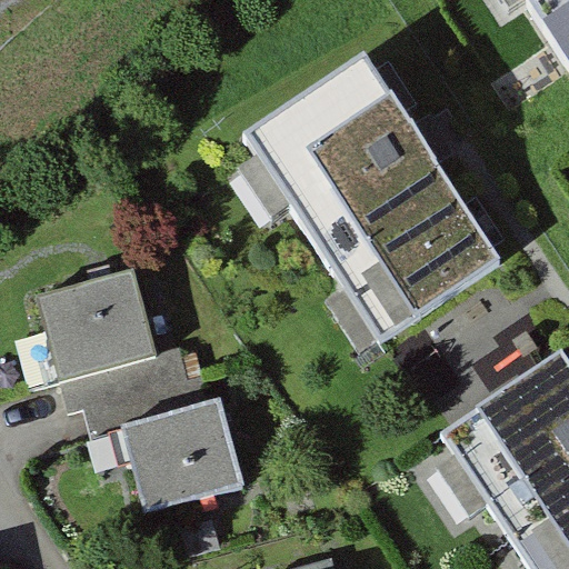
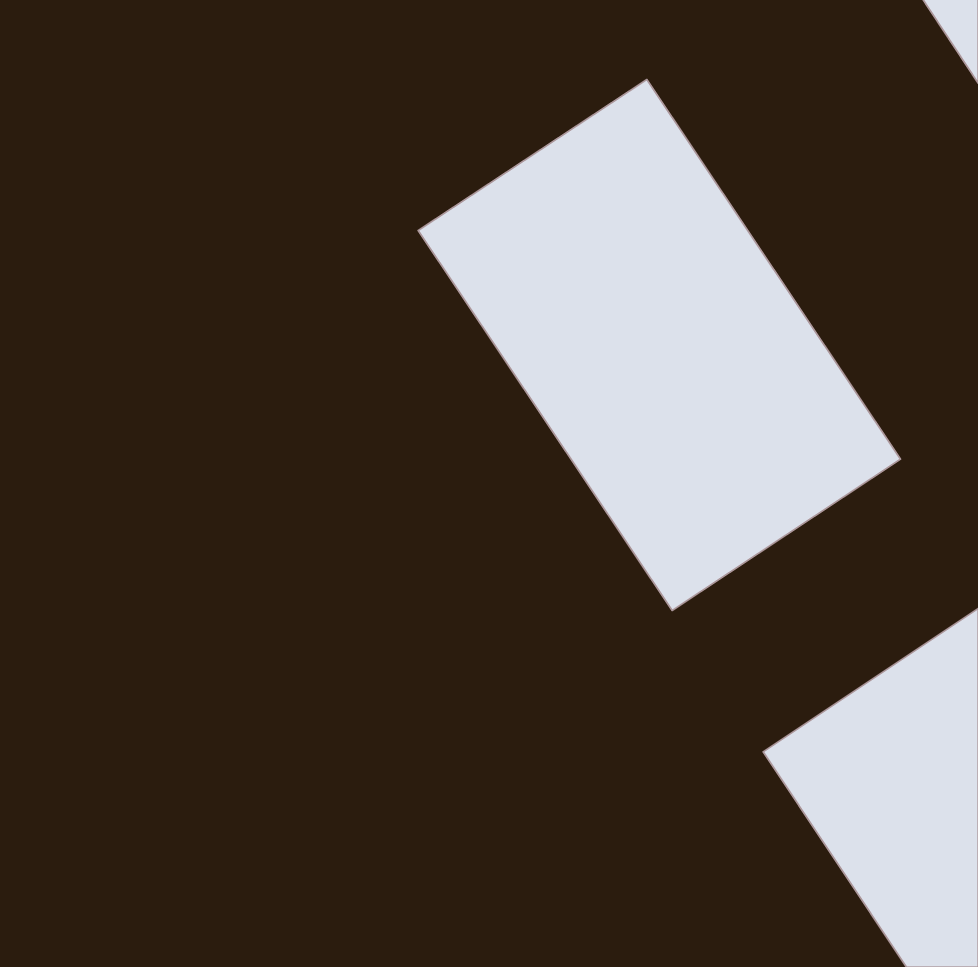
building: [30,268,148,402] -> none
building: [120,399,249,515] -> none

